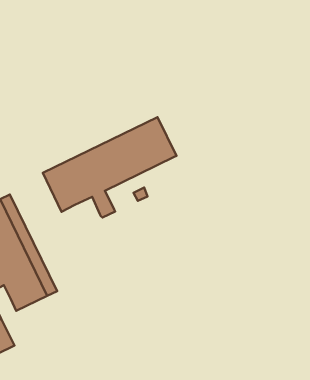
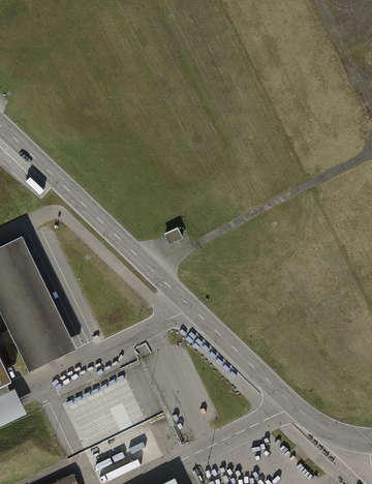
building: [43,117,176,218] -> none

